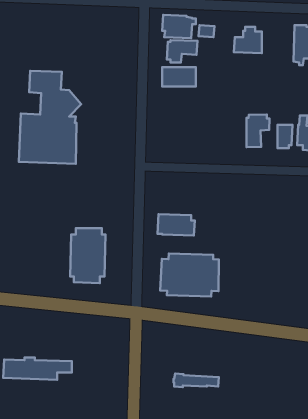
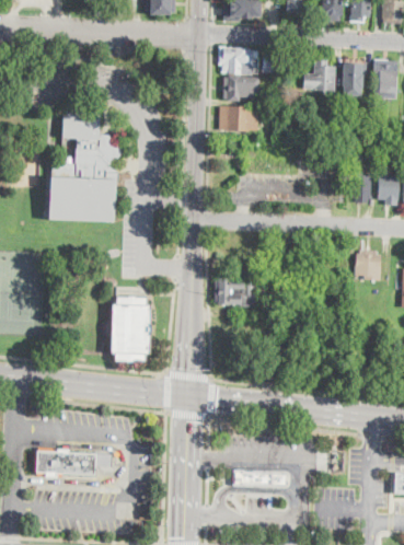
building: none -> [343,59,365,97]
building: [247,114,270,147] -> none
building: none -> [353,250,381,280]
building: [160,253,219,297] -> none

